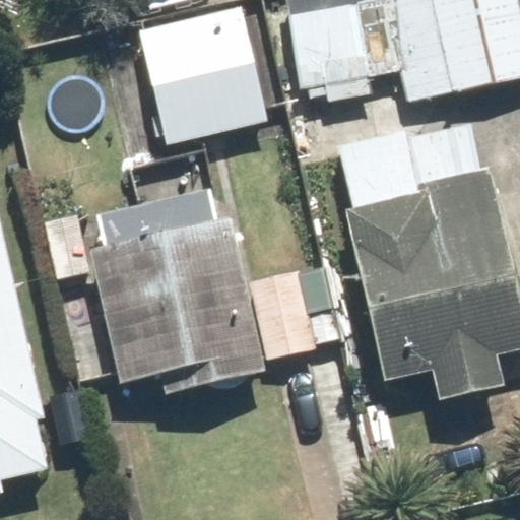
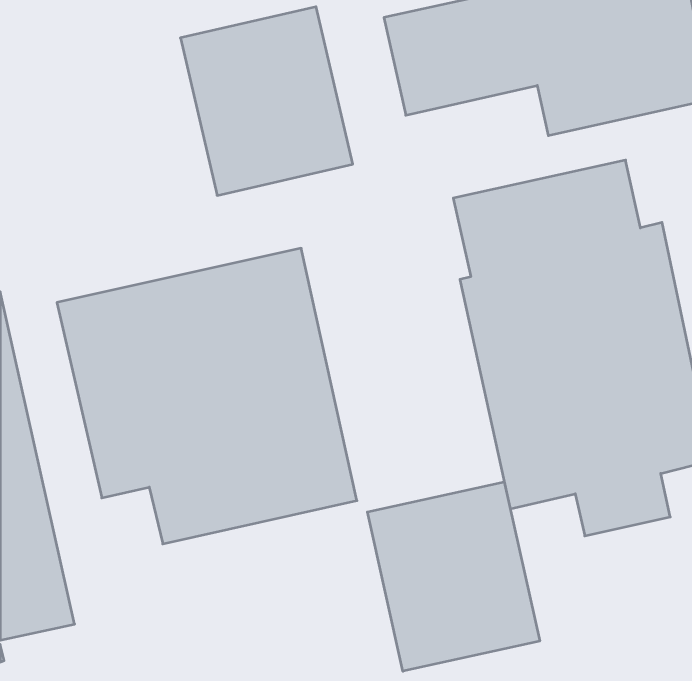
building: [246,257,342,358] -> none
building: none -> [367,482,540,671]

